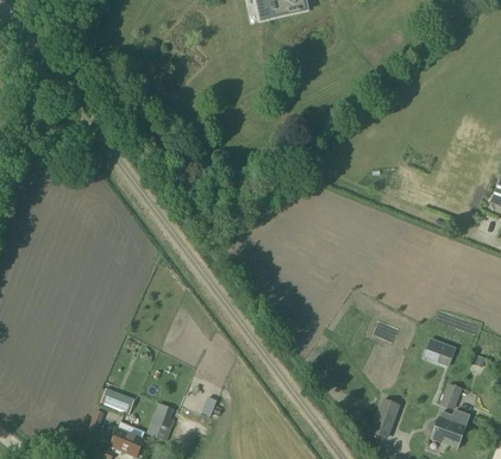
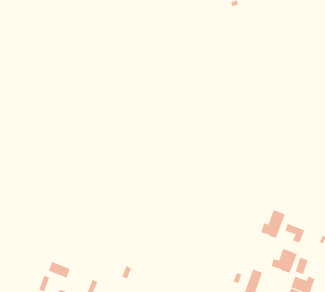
building: none -> [261,209,285,238]
building: none -> [271,248,298,274]

